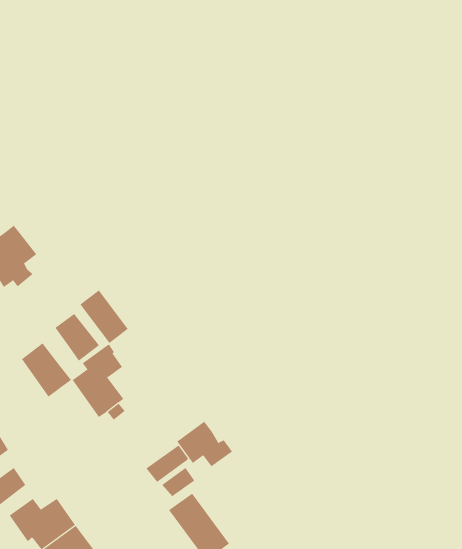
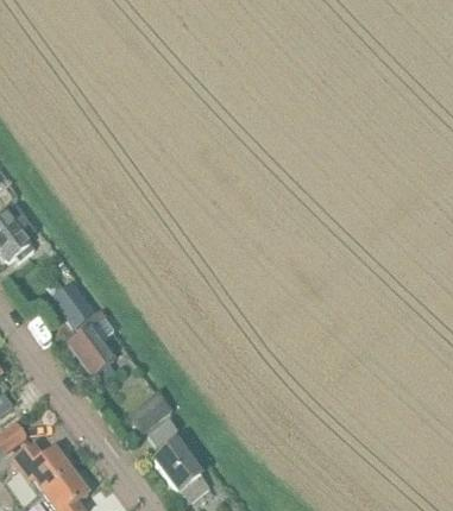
building: [80,290,129,344] -> none
building: [21,342,72,398] -> none
building: [177,421,233,467] -> none

